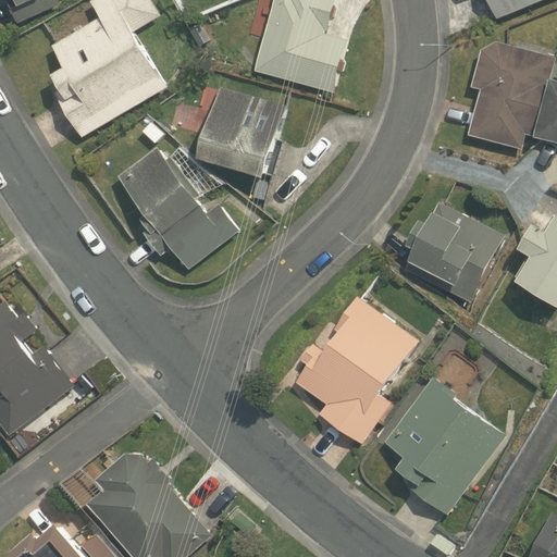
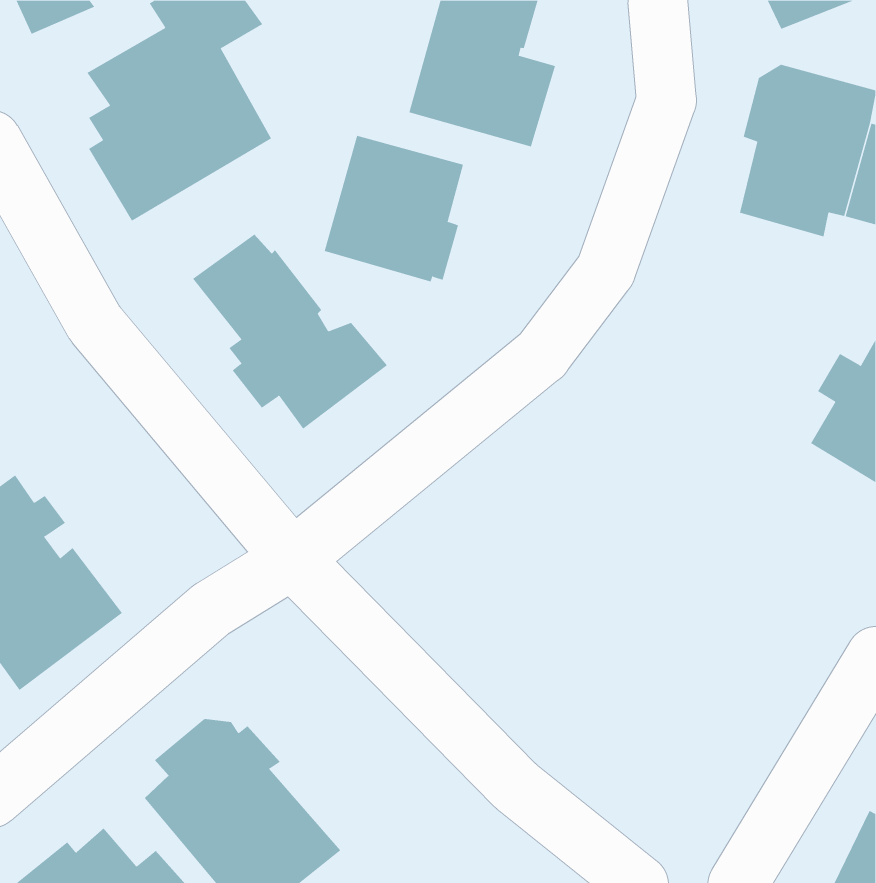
building: [400,199,503,300] -> none
building: [292,297,414,444] -> none
building: [381,375,503,515] -> none

